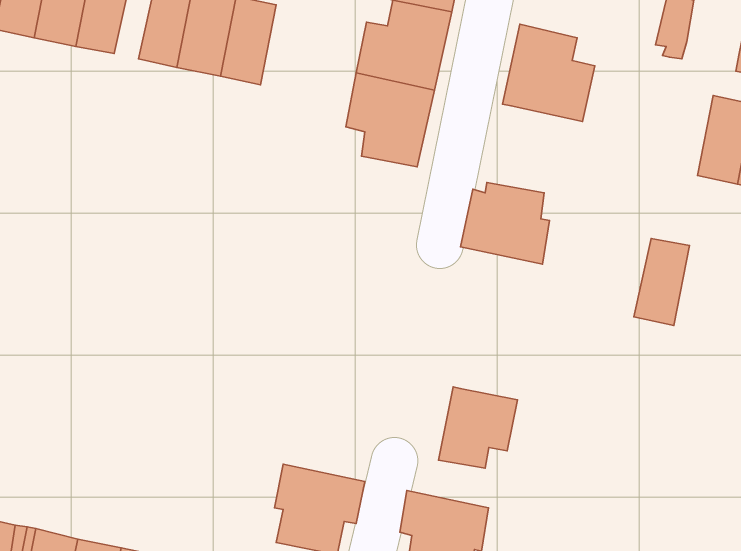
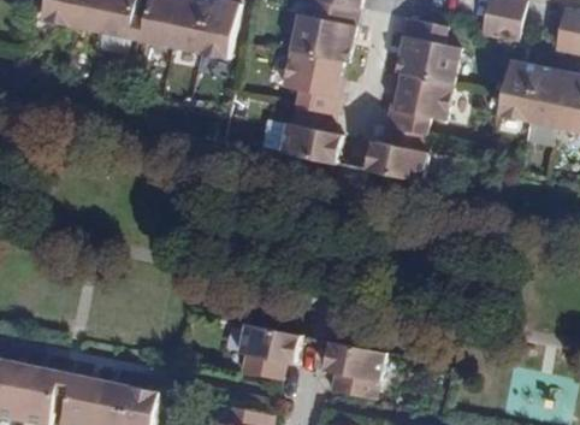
building: none -> [383,75,449,135]
building: none -> [279,110,341,166]
building: [634,239,690,326] -> [501,63,539,123]
building: [439,387,517,468] -> none

